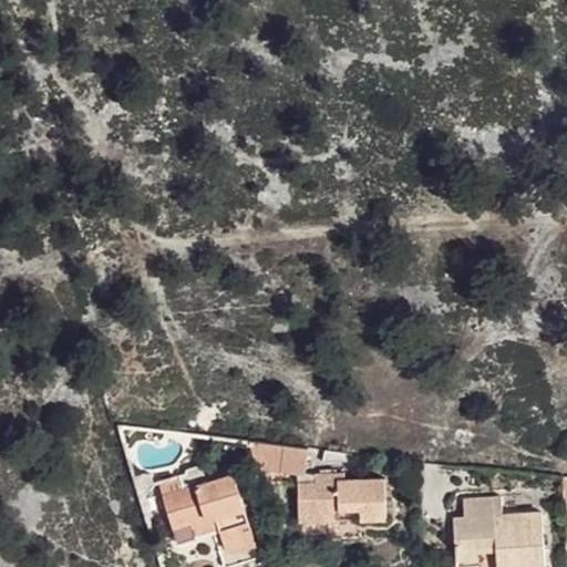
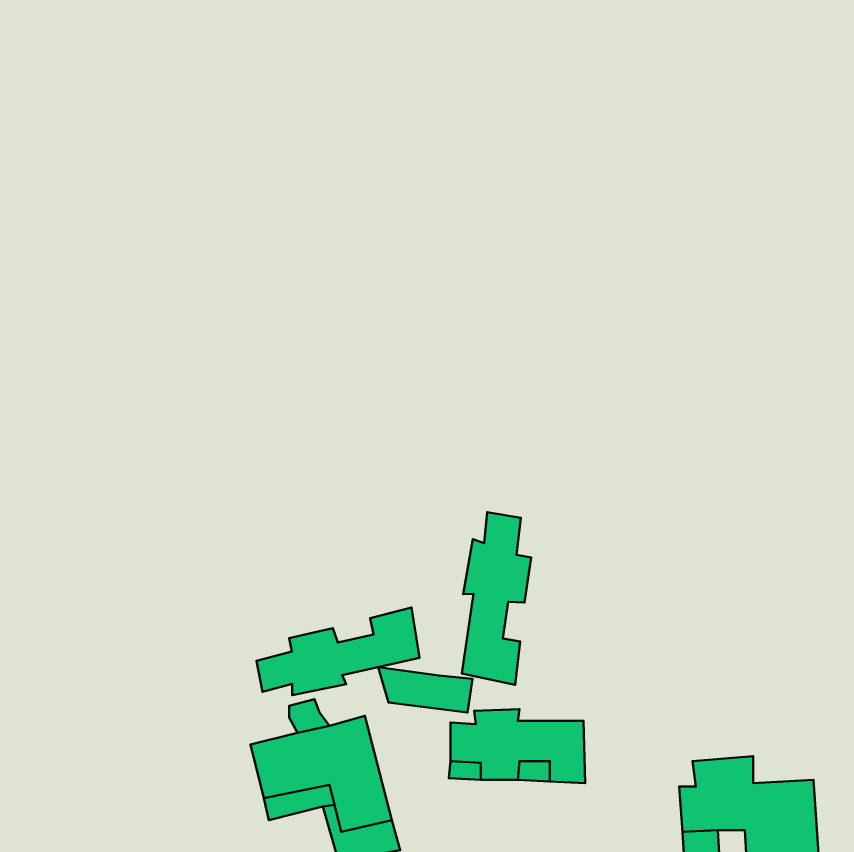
building: none -> [462,512,531,685]
building: none -> [256,607,420,695]

